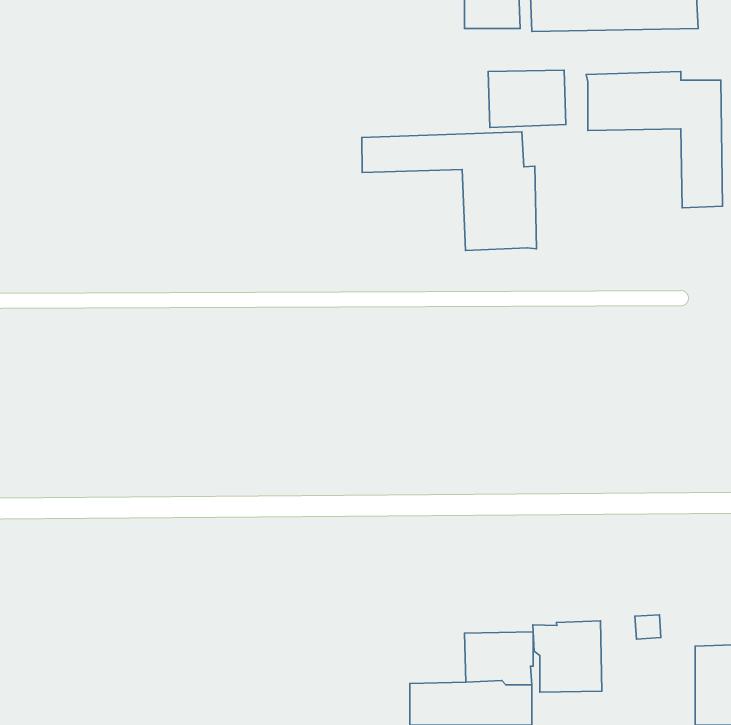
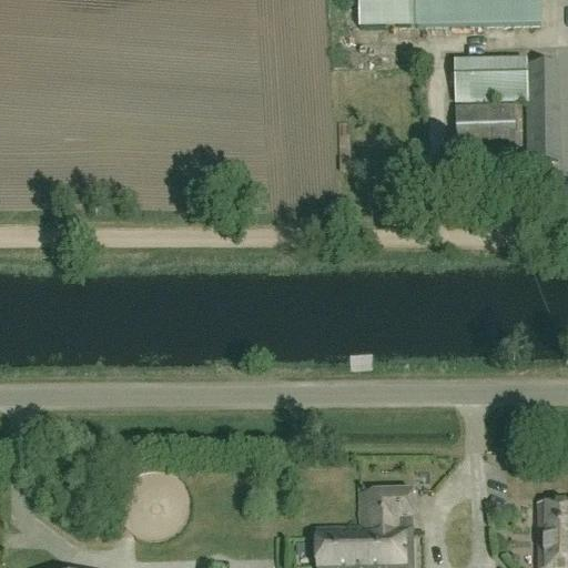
building: [488,70,566,127] -> [456,104,516,149]
building: [362,132,536,250] -> none
building: [533,621,602,692] -> none

